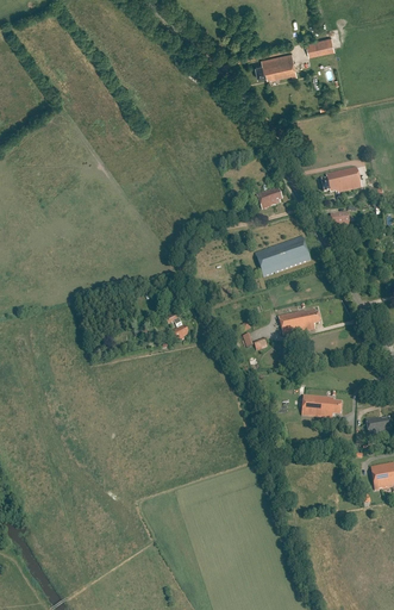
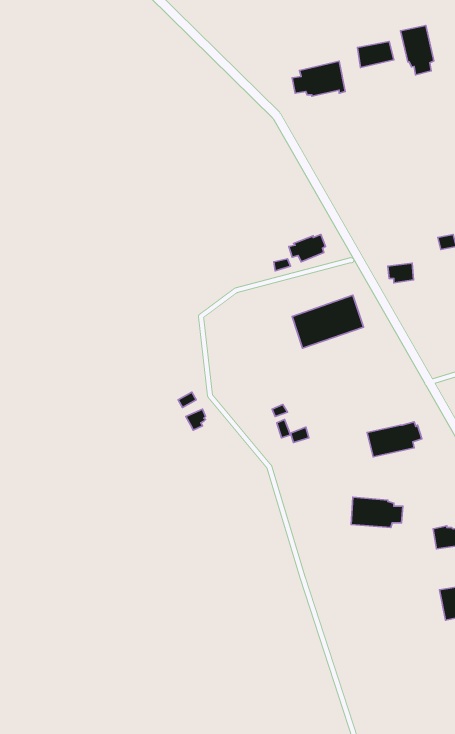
building: none -> [400,26,434,75]
building: [320,166,362,192] -> none
building: [279,307,321,335] -> [367,422,422,457]

